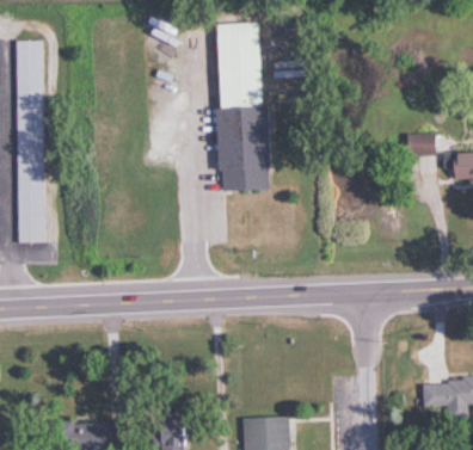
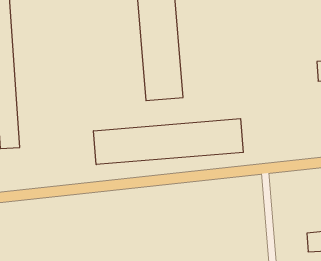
building: [407,135,436,156] -> none
building: none -> [94,119,243,165]

